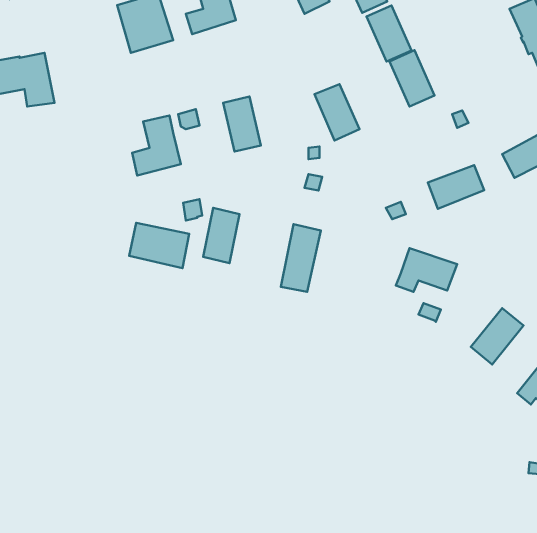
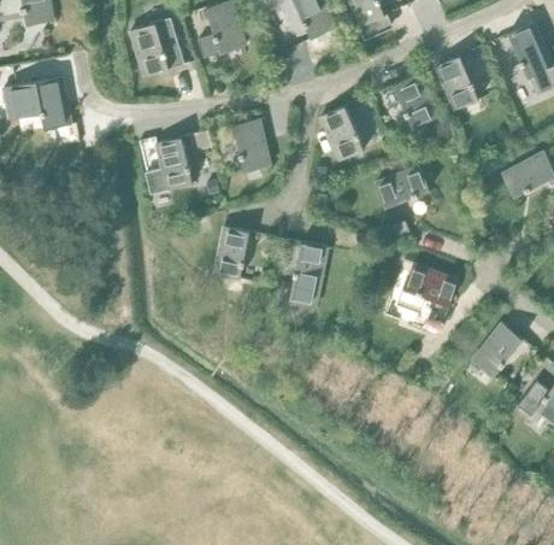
building: [367,5,412,62] -> [435,57,478,111]
building: [428,165,484,209] -> [375,166,429,209]
building: [129,223,189,268] -> none

